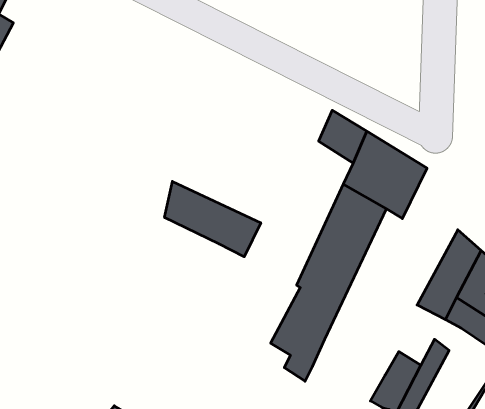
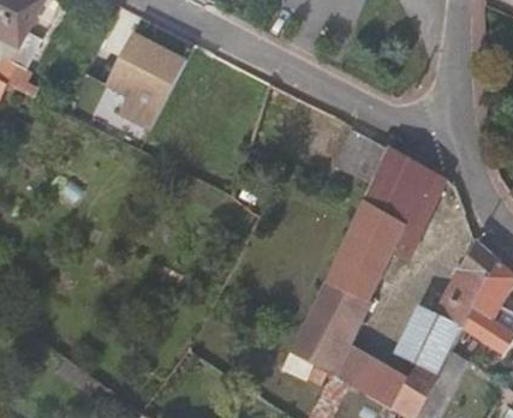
building: none -> [107,31,186,127]
building: [165,181,261,257] -> none
building: none -> [407,310,464,372]
building: none -> [334,347,405,407]

